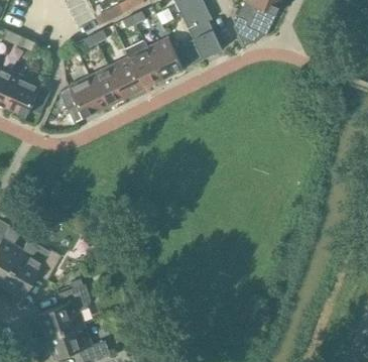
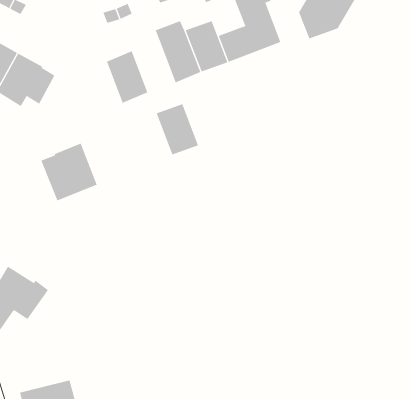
building: [109,57,144,98] -> [156,104,199,155]
building: [59,77,105,123] -> [40,143,97,201]
building: [36,280,90,337] -> none

